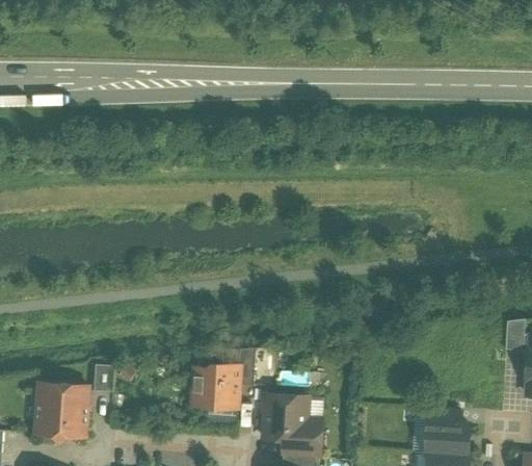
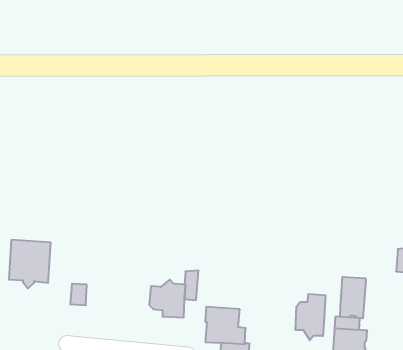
building: none -> [340,277,366,318]
building: none -> [295,294,326,340]
building: [35,383,88,444] -> [9,240,51,288]

